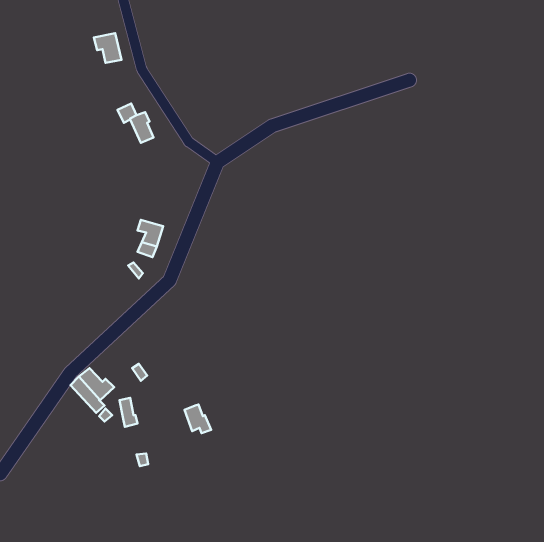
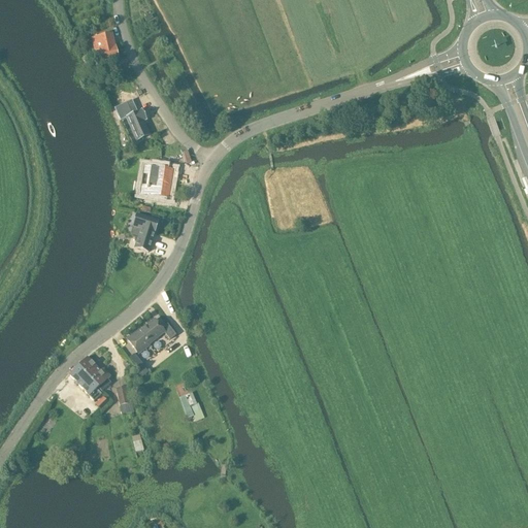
building: none -> [141,164,173,196]
building: none -> [127,317,176,352]

